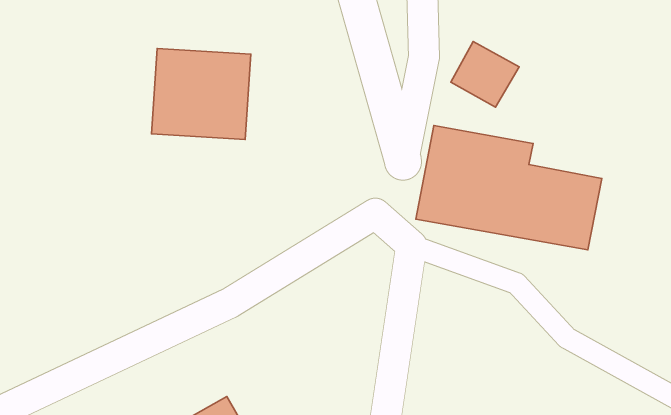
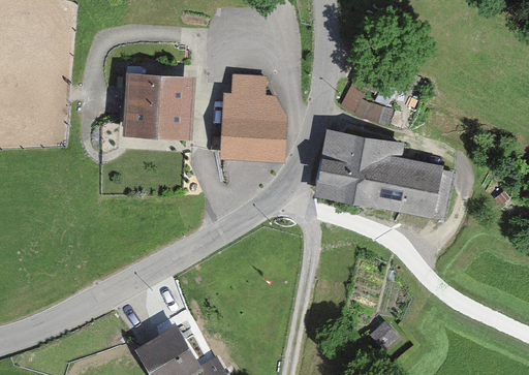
building: none -> [216,73,287,163]

